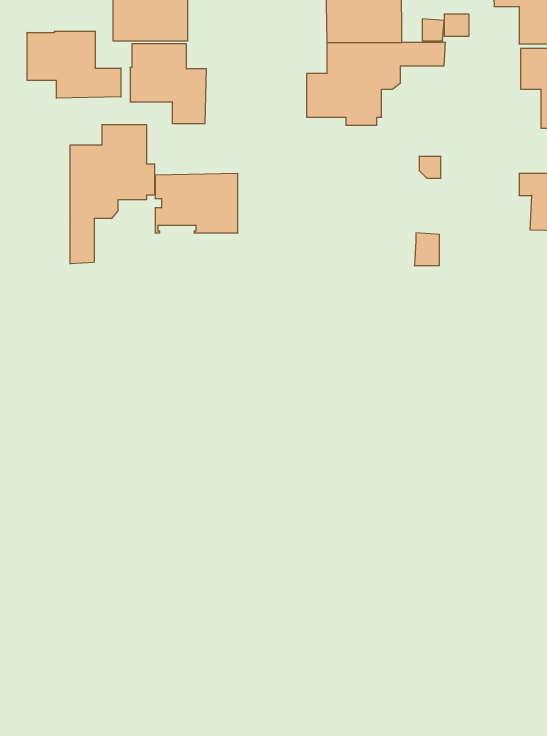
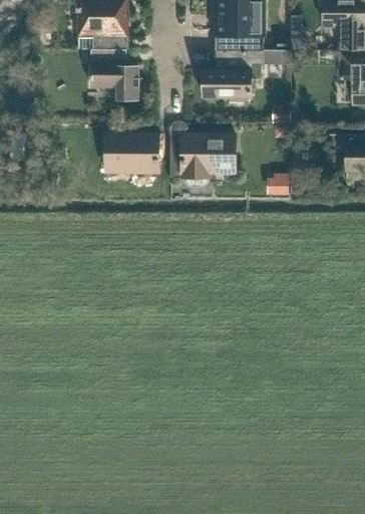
building: [27,31,121,98] -> none
building: [70,125,154,264] -> none
building: none -> [170,135,235,186]

